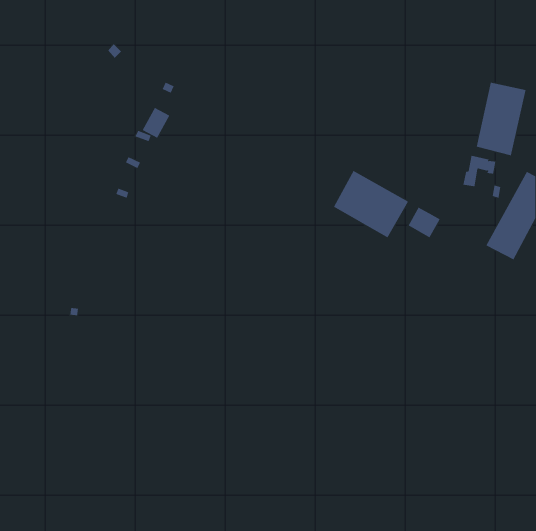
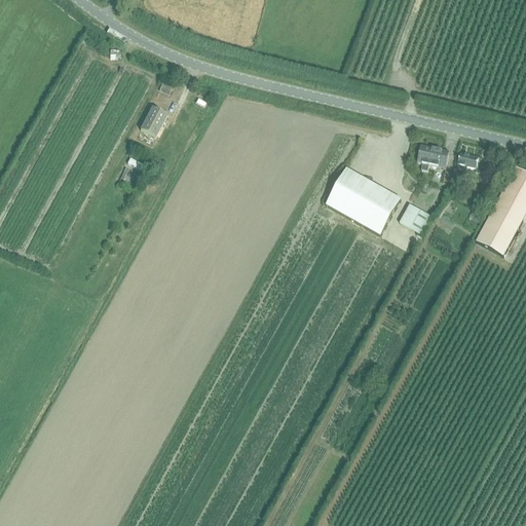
building: [476,82,526,156] -> none
building: none -> [416,143,448,170]

